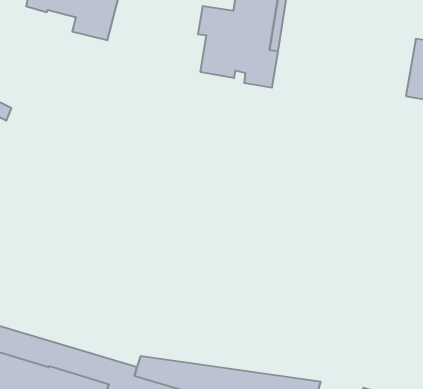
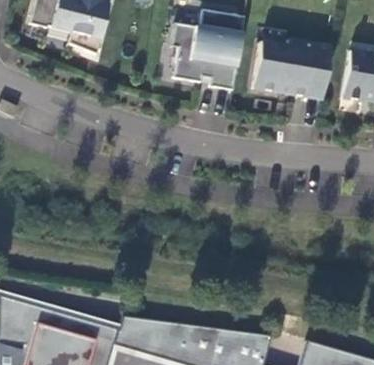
building: none -> [252,42,331,102]

